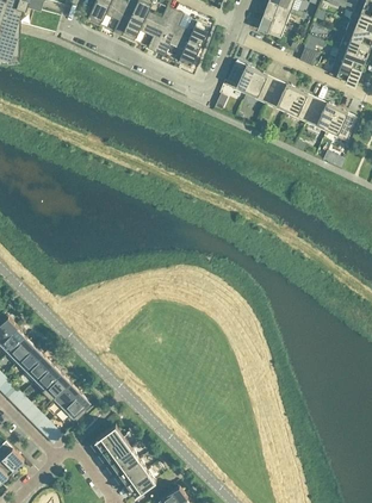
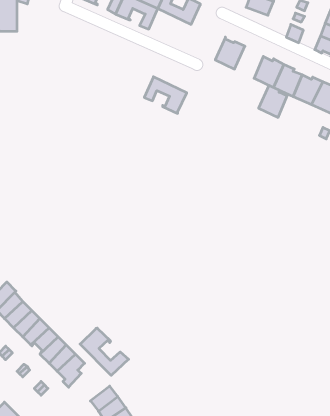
building: [156,31,200,69] -> [144,77,187,113]
building: [246,70,275,104] -> [259,85,287,117]
building: none -> [80,328,129,375]

